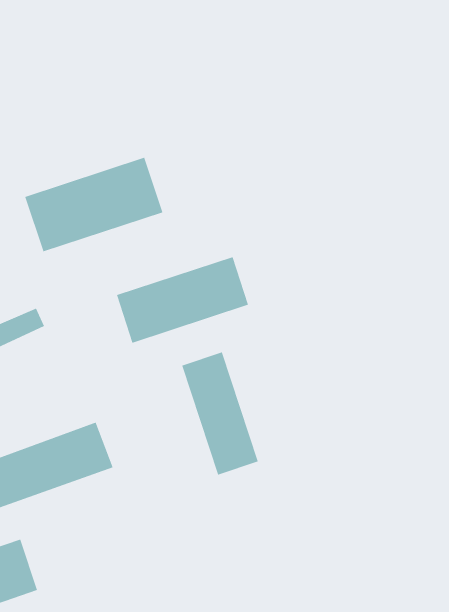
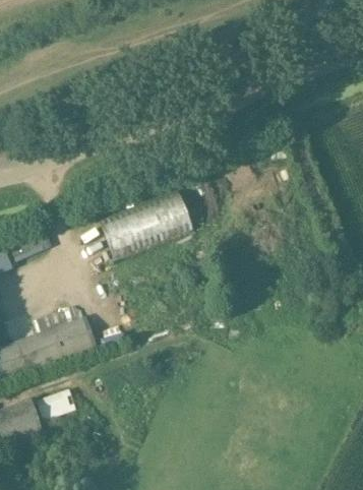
building: [25,157,163,252] -> none
building: [181,351,259,475] -> none

